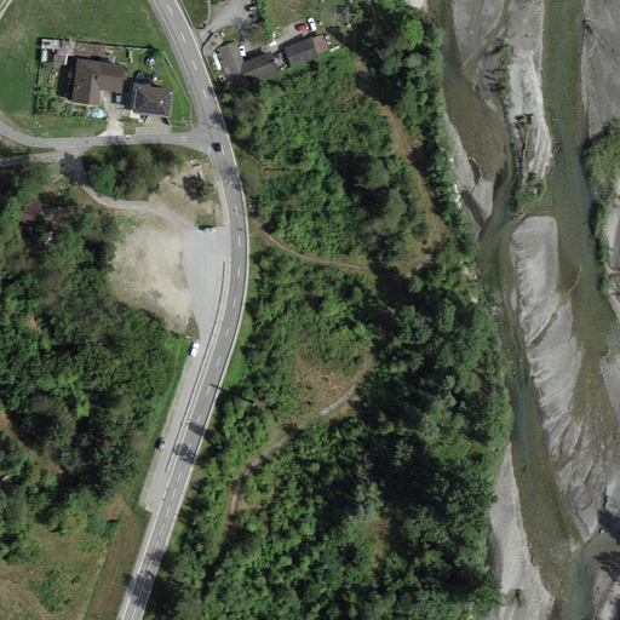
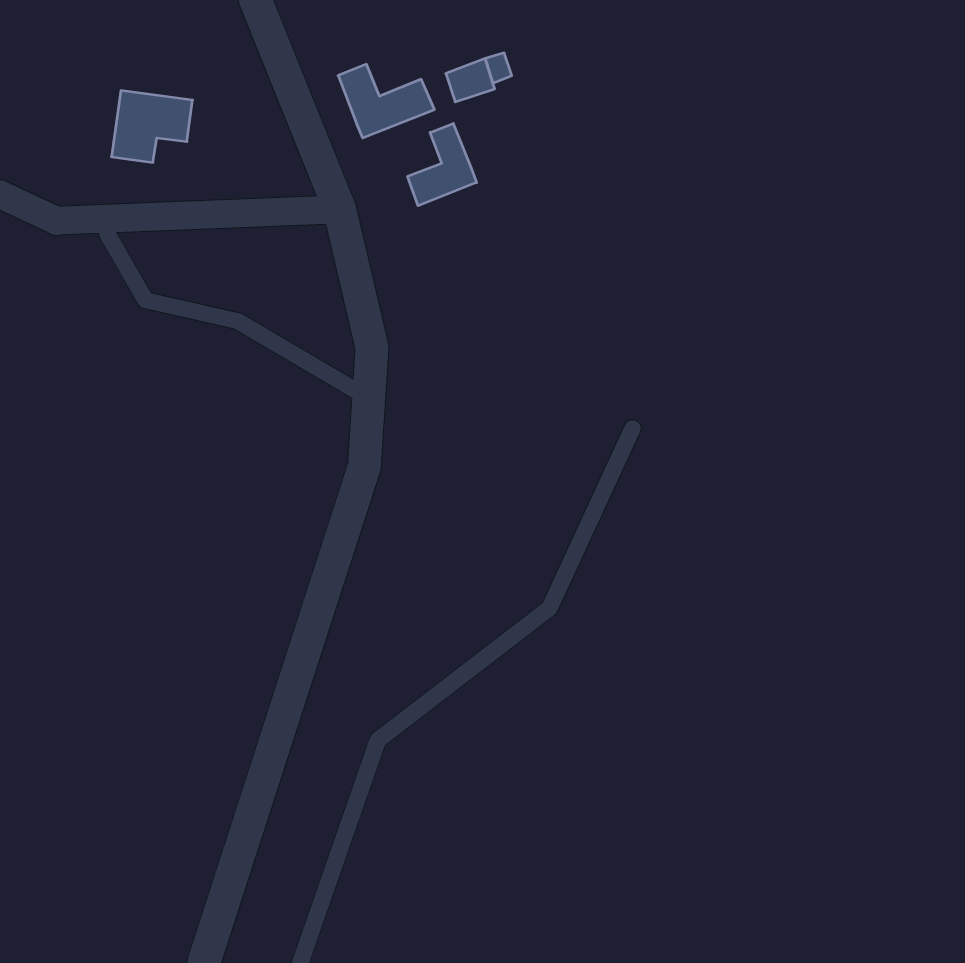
building: none -> [408,123,477,206]
building: [133,84,173,116] -> none

